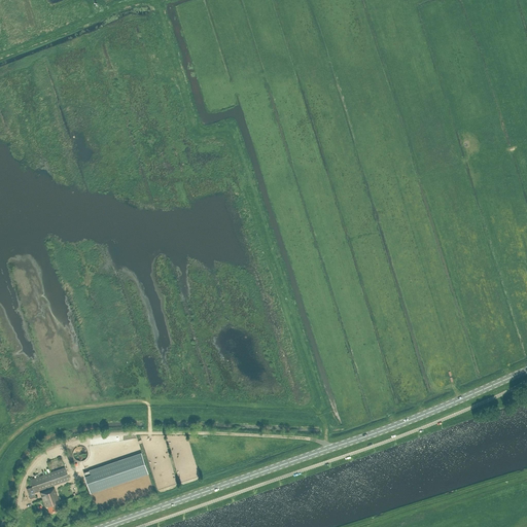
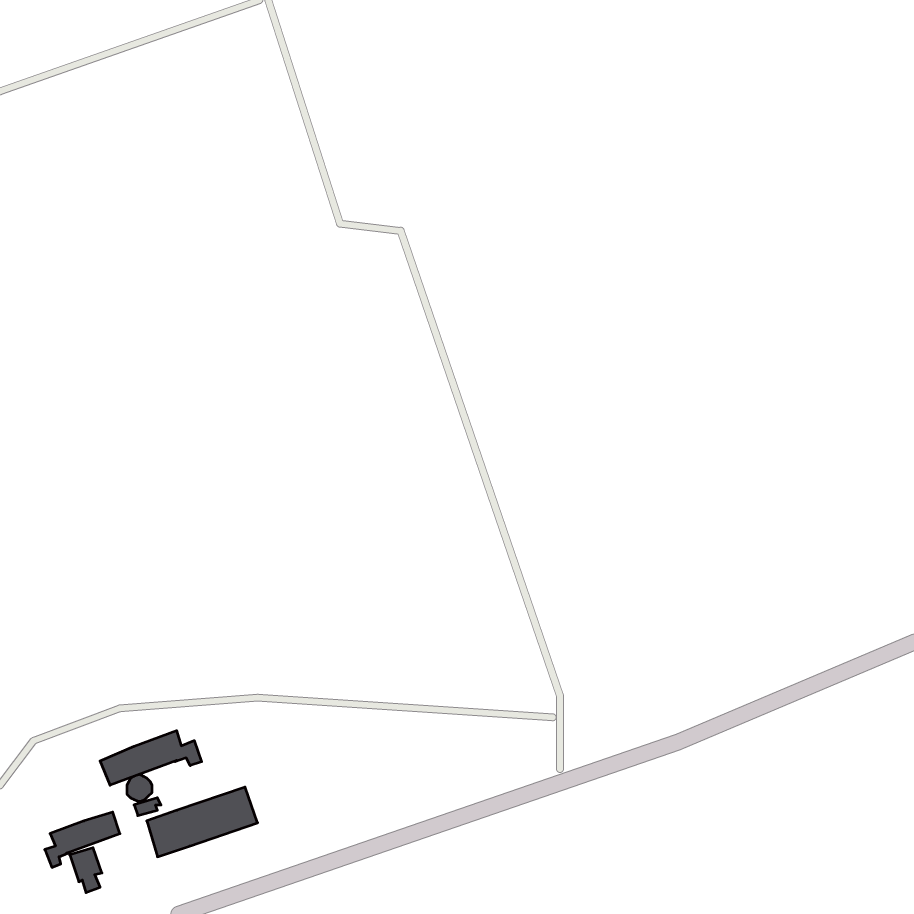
building: none -> [100,731,202,785]

